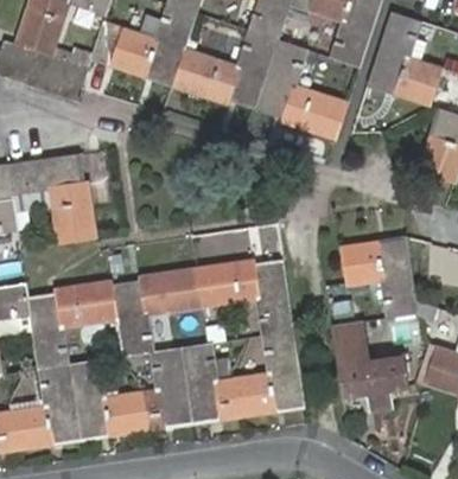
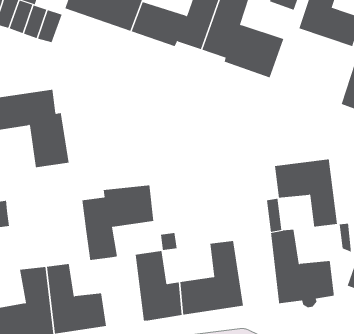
building: [193,257,292,334] -> none
building: [26,276,117,365] -> none
building: [136,347,185,432] -> none

